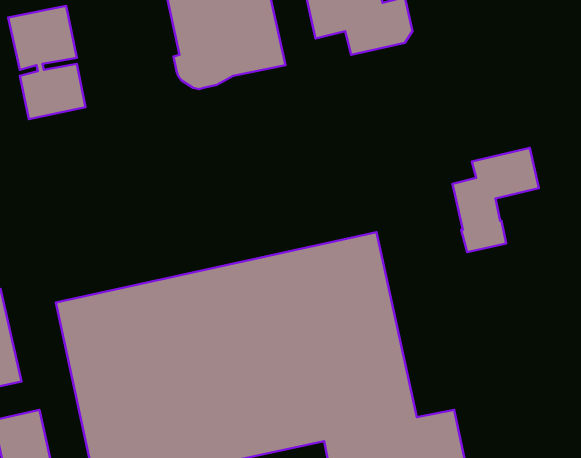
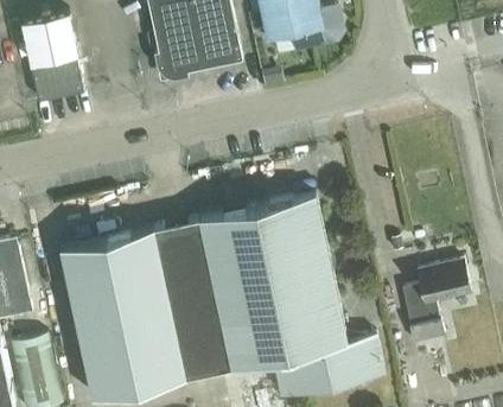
building: [452,148,539,252] -> [402,262,471,345]

